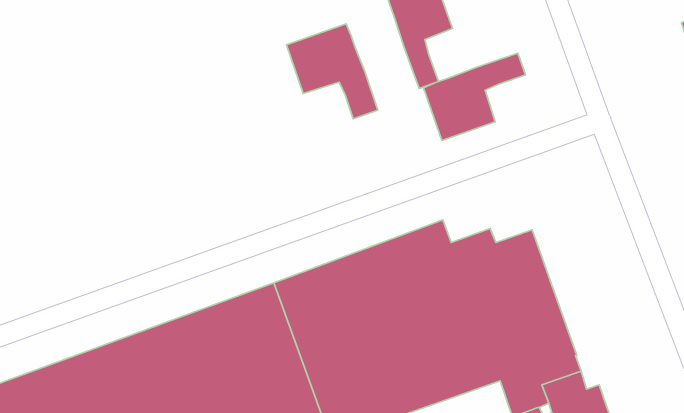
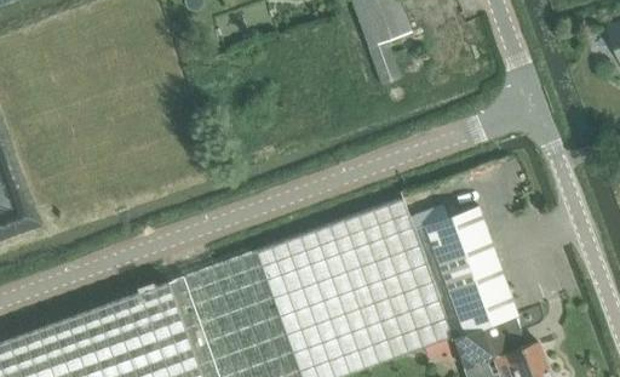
building: [286,24,378,119] -> none
building: [423,53,526,140] -> none

